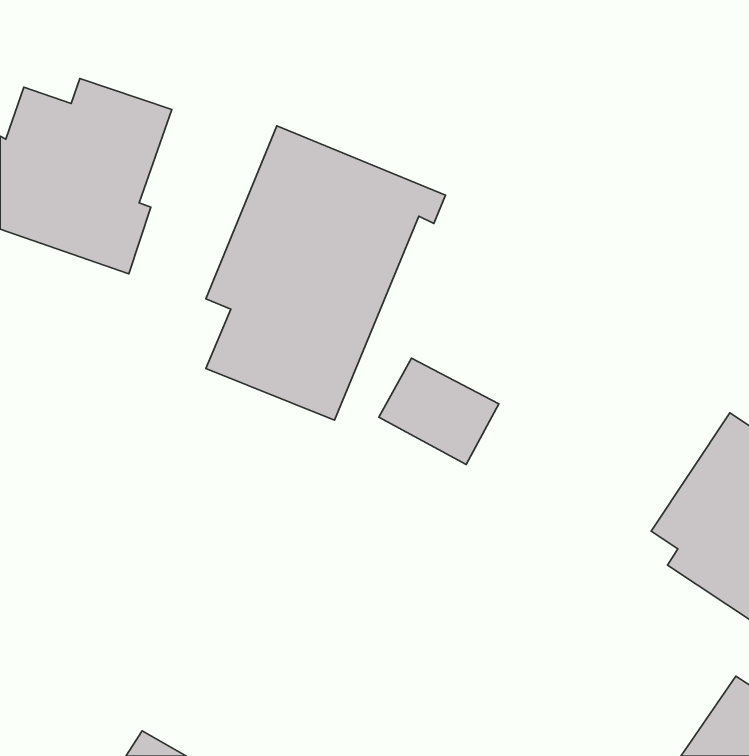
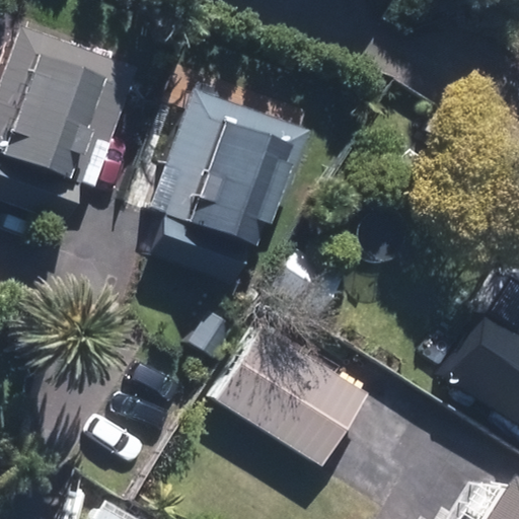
building: none -> [215,326,367,466]

